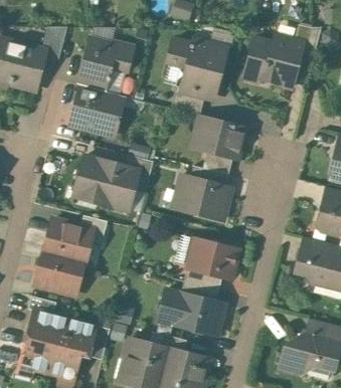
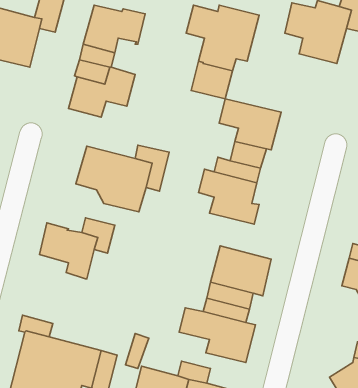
building: [33,245,82,290] -> none

